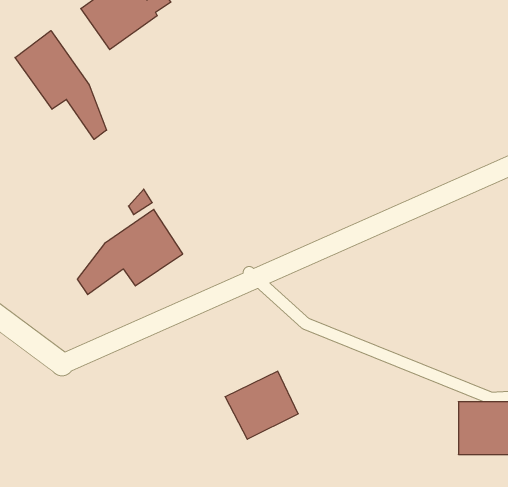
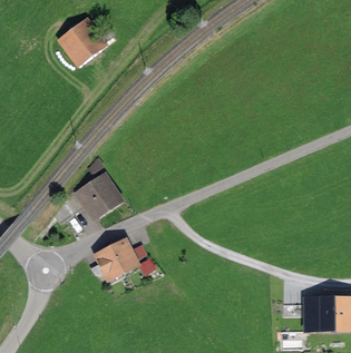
building: [15,31,107,139] -> none
building: [225,371,298,439] -> [94,236,142,281]

